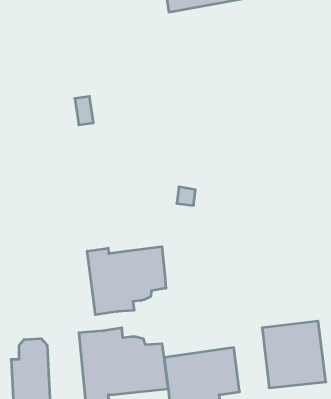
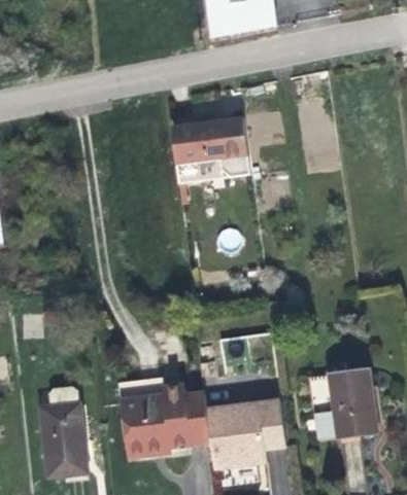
building: none -> [171,116,250,183]
building: [87,247,166,315] -> none

